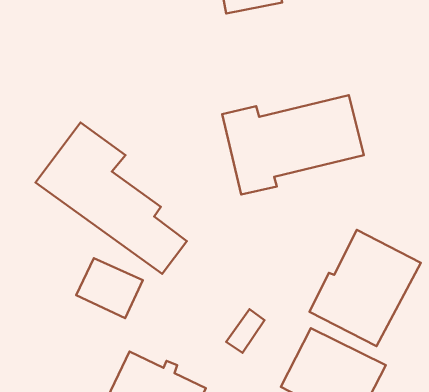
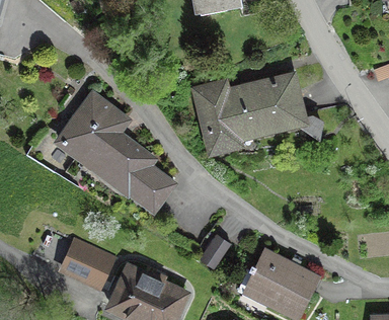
building: [309,230,421,346] -> none
building: [76,258,143,318] -> [62,243,111,288]

